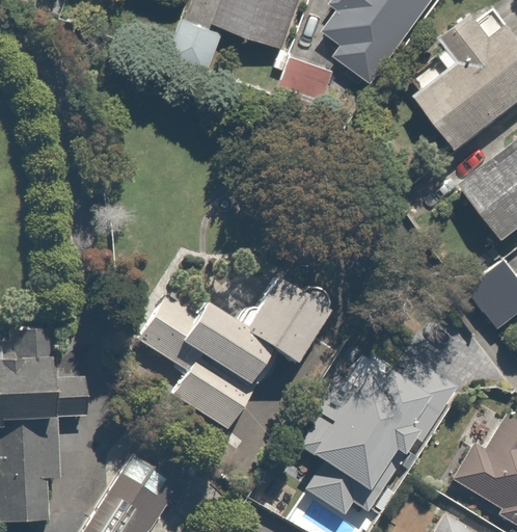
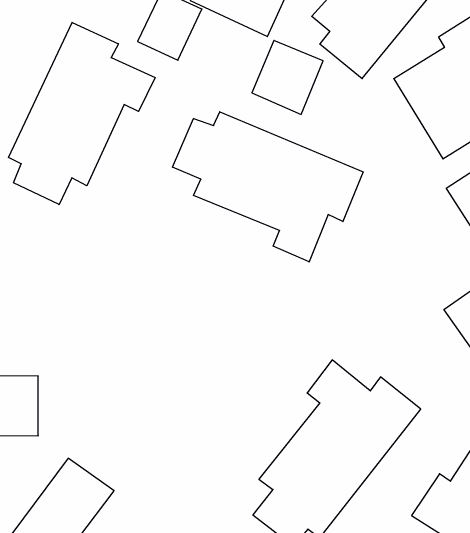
building: none -> [8,22,155,205]
building: none -> [173,112,363,262]
building: [135,275,337,435] -> none

